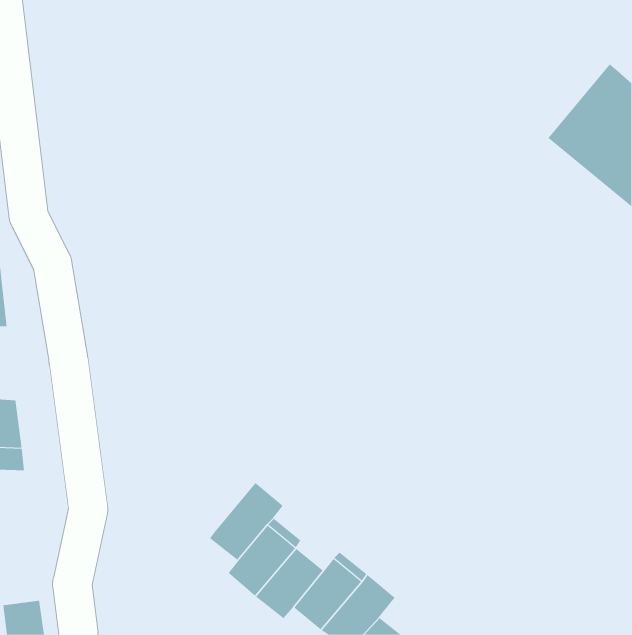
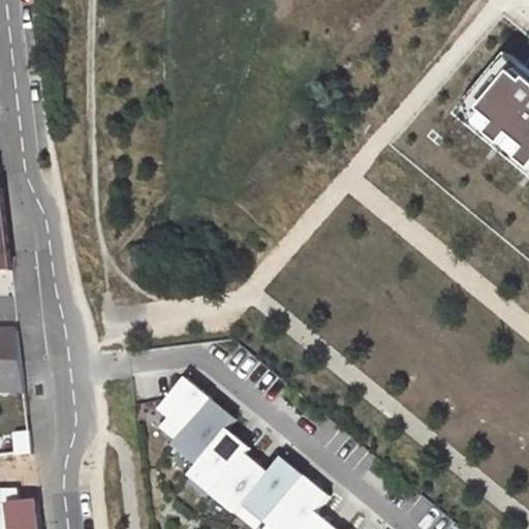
building: none -> [159,378,212,442]

